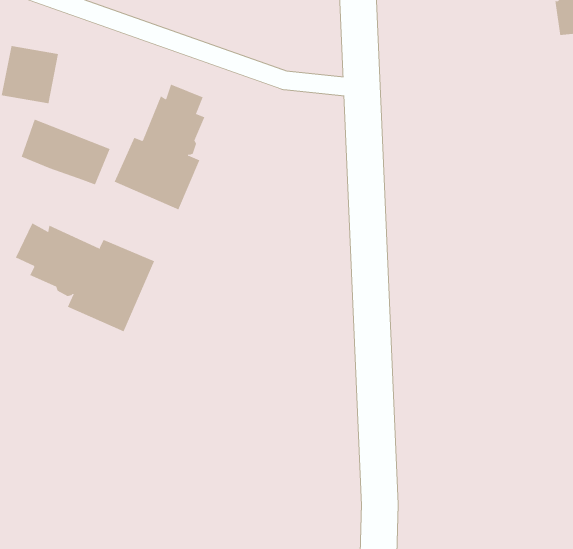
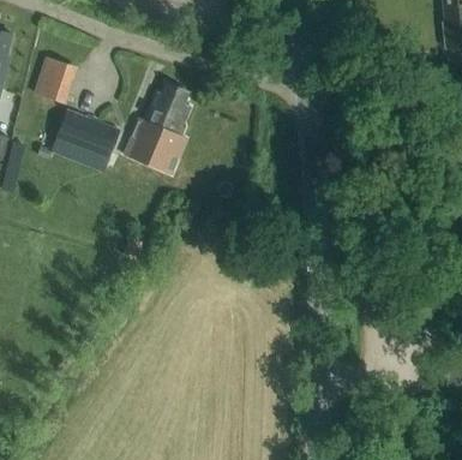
building: [15,223,155,332] -> none

